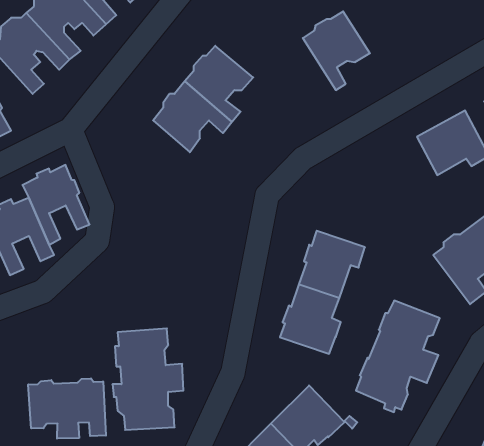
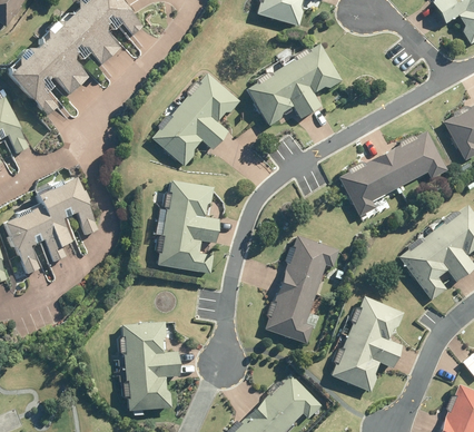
building: none -> [247,67,313,127]
building: none -> [339,154,402,217]
building: none -> [156,181,218,274]
building: [28,378,106,439] -> none

